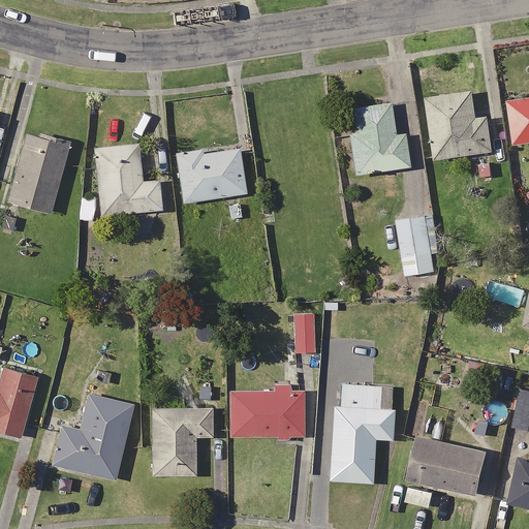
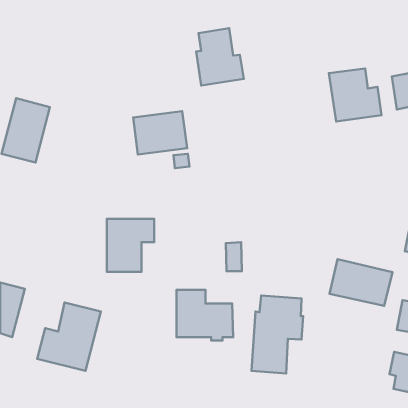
building: [348,102,409,176] -> [196,28,244,85]
building: [97,147,160,214] -> none
building: [398,216,436,277] -> none
building: [152,408,213,476] -> [107,219,154,272]
building: [406,435,487,495] -> [329,259,392,306]

